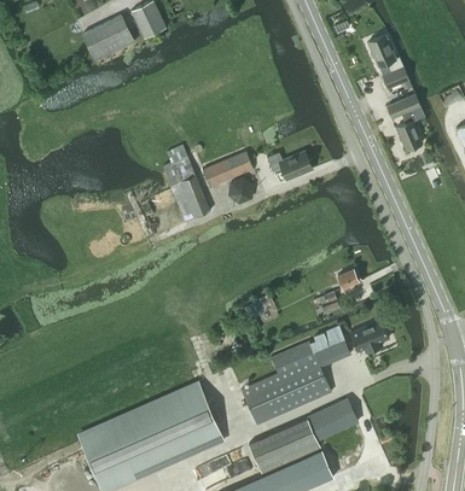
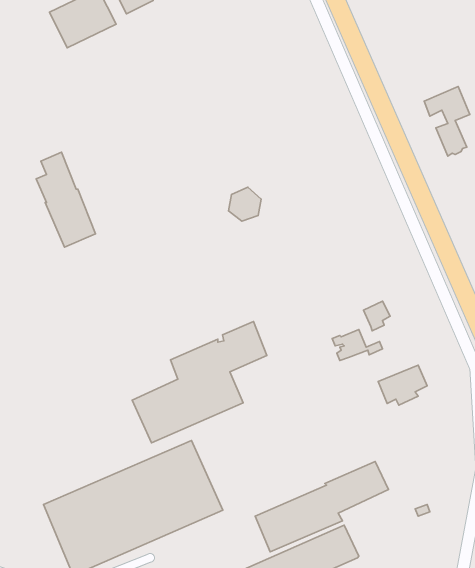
building: [367,34,408,88] -> none
building: [162,145,210,222] -> [36,152,95,247]
building: [202,152,252,188] -> none
building: [267,152,312,181] -> none
building: [240,326,350,425] -> [132,321,267,443]

